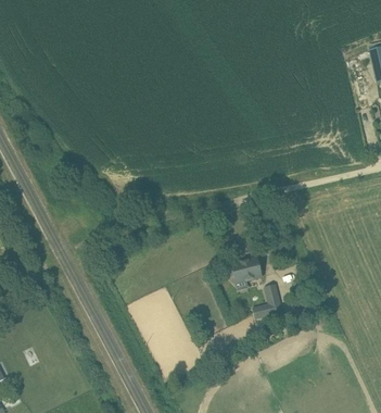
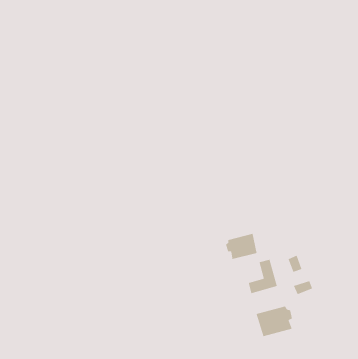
building: none -> [255,305,293,337]

